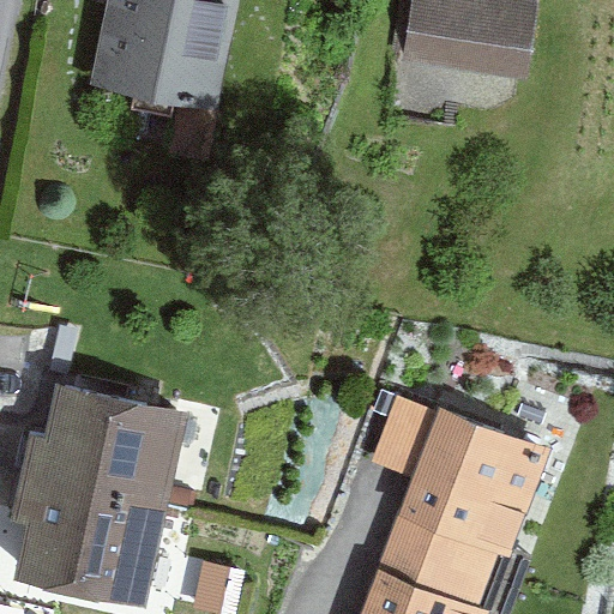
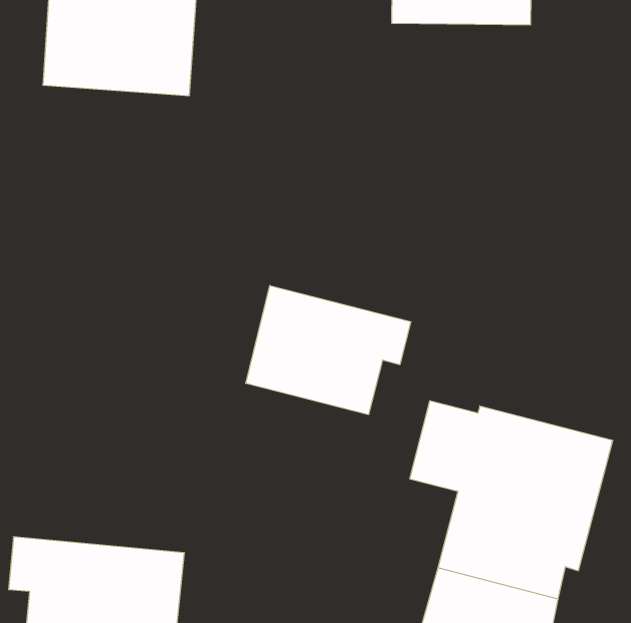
building: none -> [246,285,411,415]
building: [20,384,187,504] -> none

